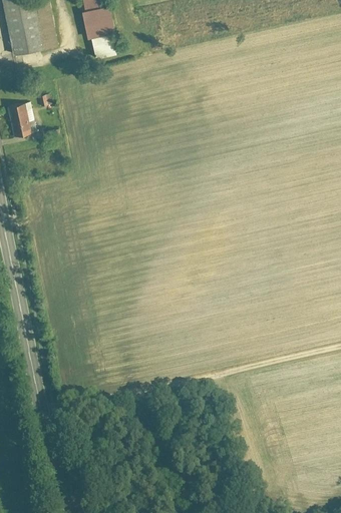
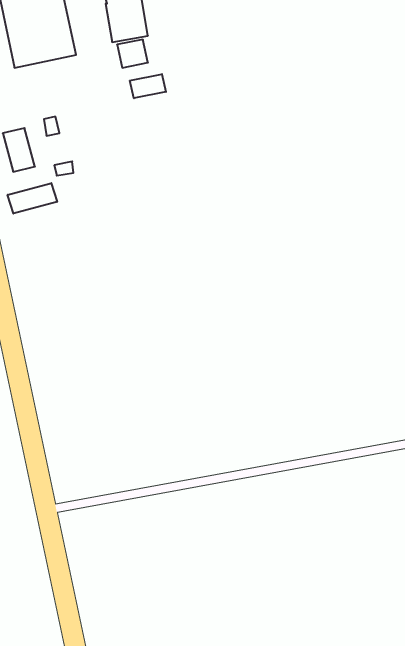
building: none -> [130,74,166,98]
building: none -> [8,183,57,214]

